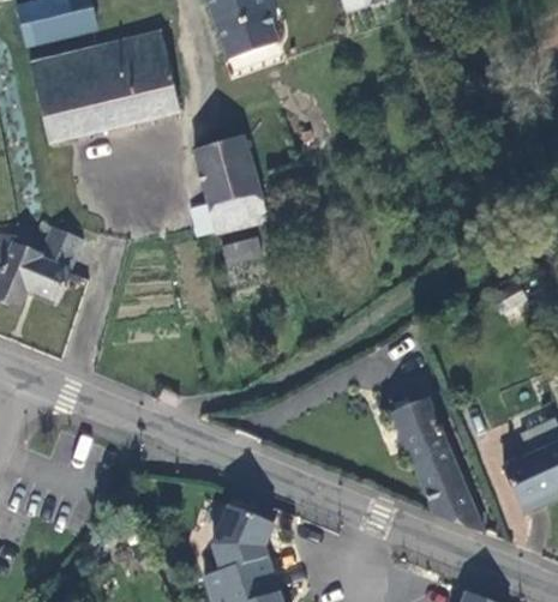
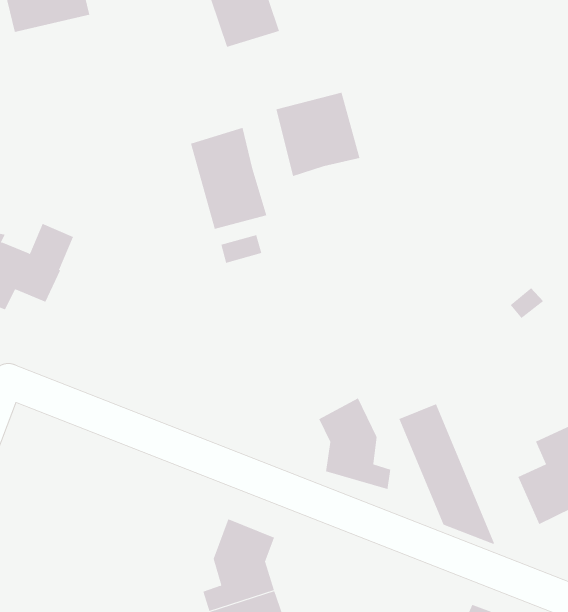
building: [30,30,181,143] -> none
building: none -> [276,92,360,177]
building: none -> [319,397,391,490]

